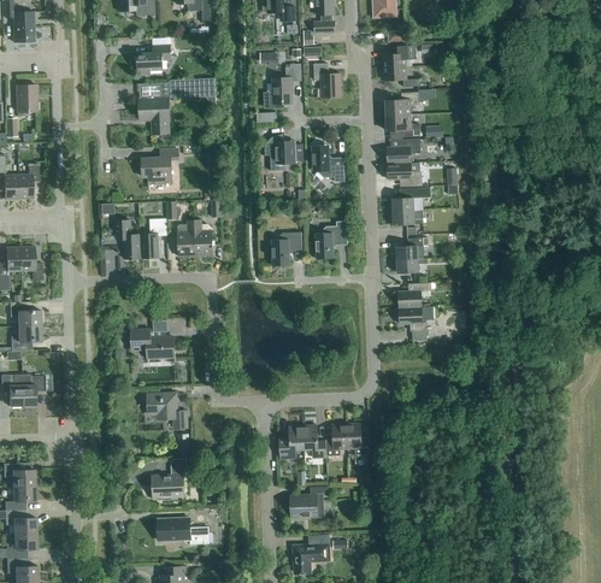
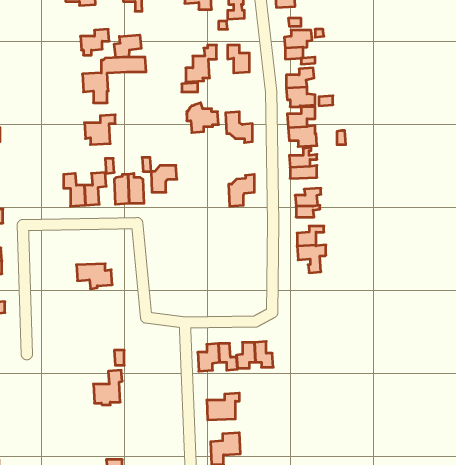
building: none -> [114,35,141,57]
building: [271,232,302,265] -> [151,165,177,192]
building: [147,393,185,429] -> none
building: [158,518,210,544] -> none

